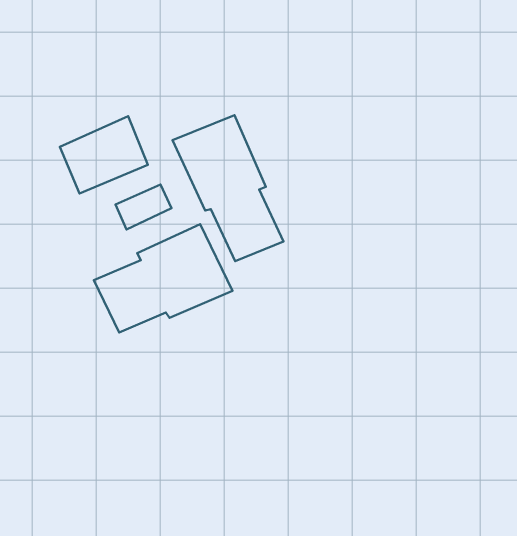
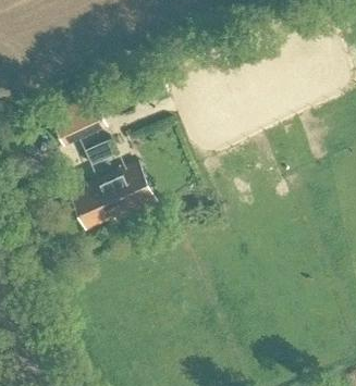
building: [172,115,283,261] -> none

